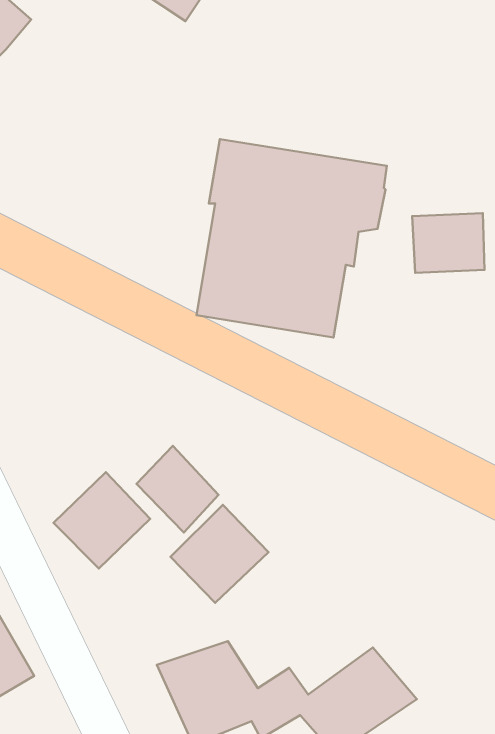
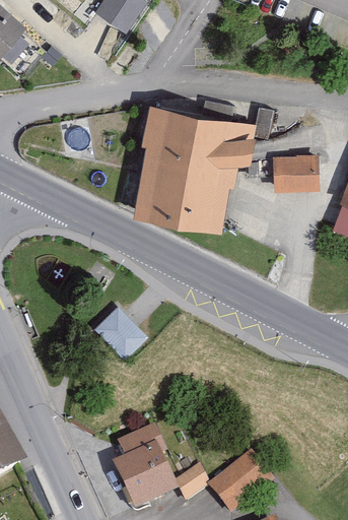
building: [53,472,150,569] -> none
building: [170,505,268,603] -> none

